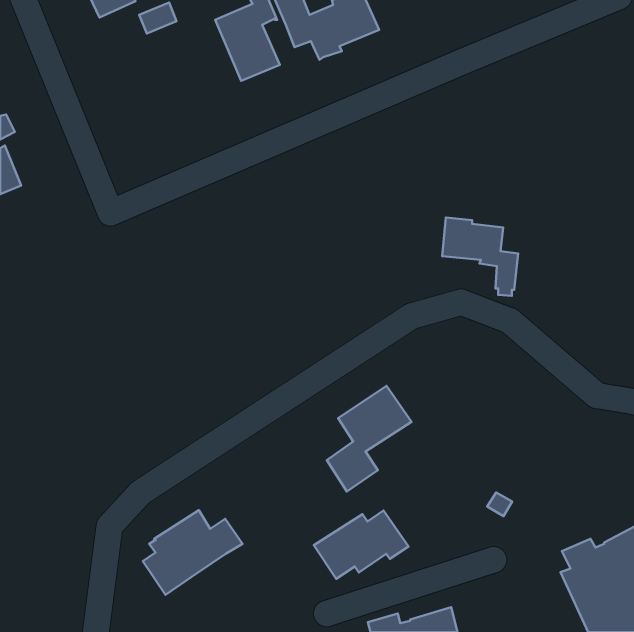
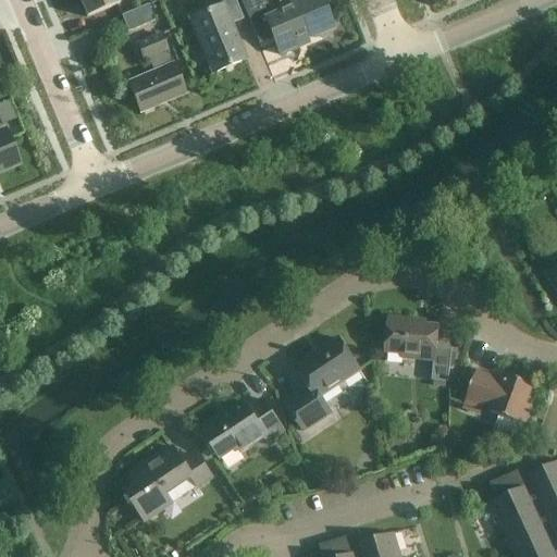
building: none -> [128,34,186,111]
building: [442,218,518,296] -> [386,317,453,385]
building: none -> [465,370,533,422]
building: [314,510,408,579] -> [202,397,285,457]

